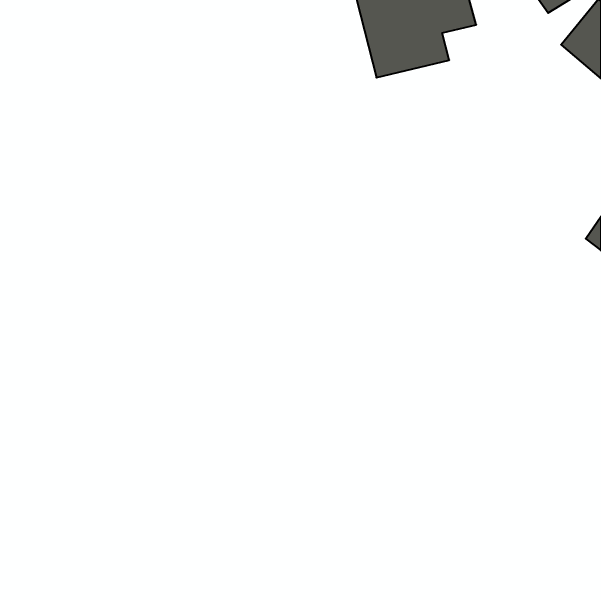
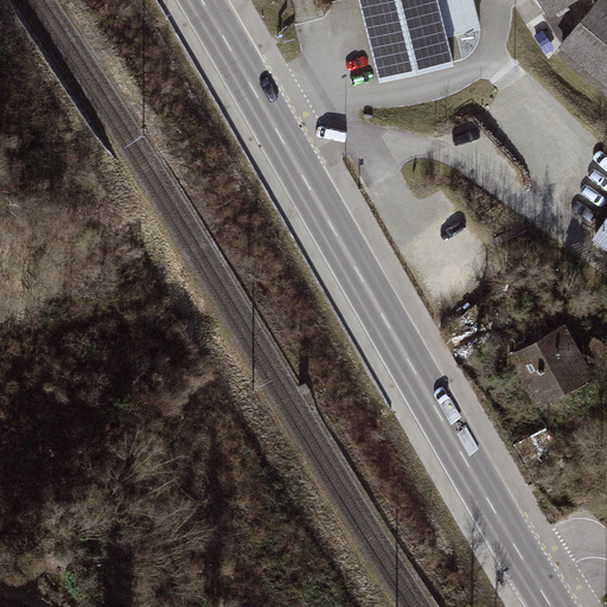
building: none -> [513,328,589,402]

